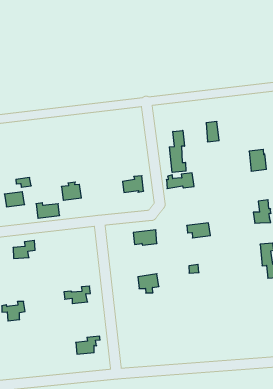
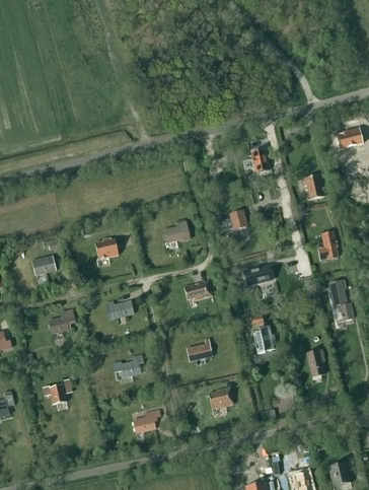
building: [169,130,186,172] -> none
building: [36,203,60,218] -> [105,300,134,320]
building: none -> [253,327,274,353]
building: none -> [306,350,325,376]
building: none -> [208,388,233,409]

